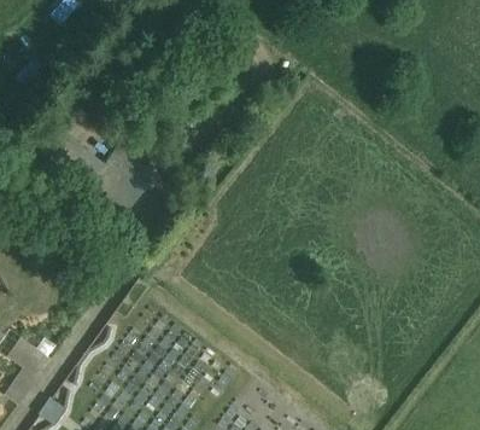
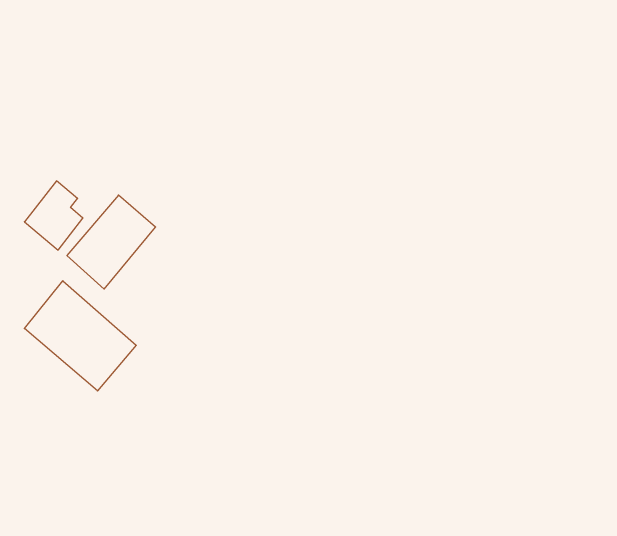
building: none -> [24,281,136,391]

